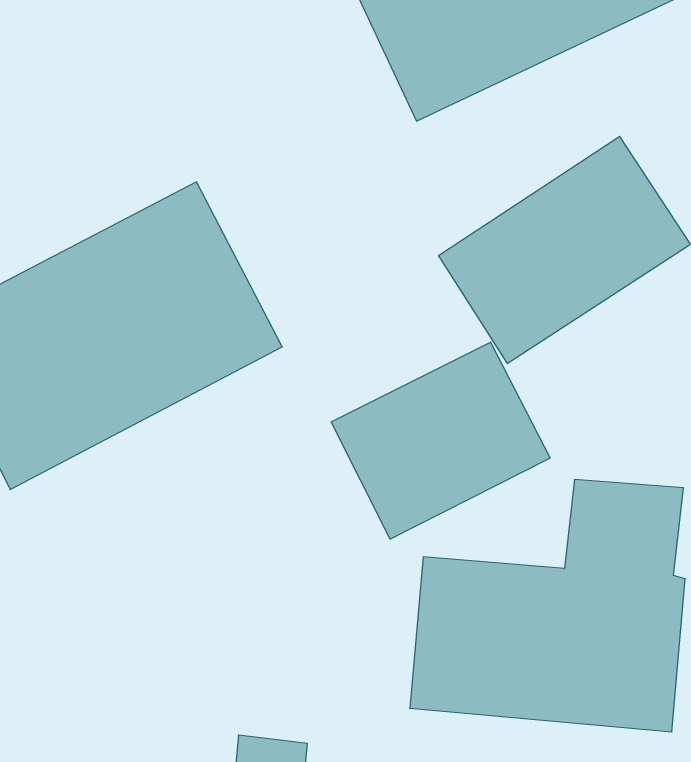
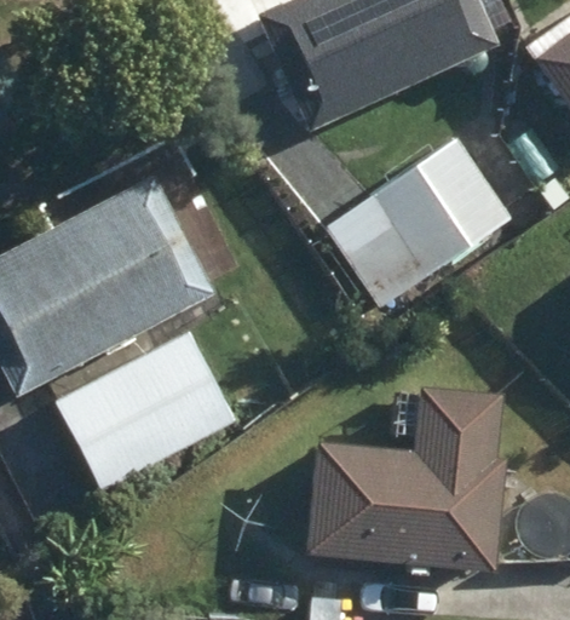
building: [331,342,550,539] -> none
building: none -> [54,333,278,492]

